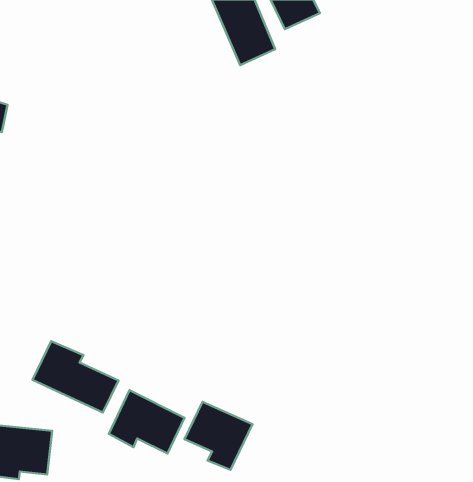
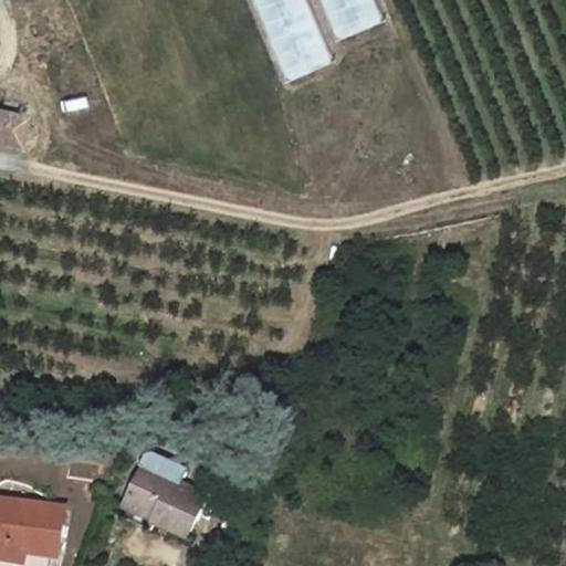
building: [33,341,118,413] -> none
building: [185,402,252,470] -> none

